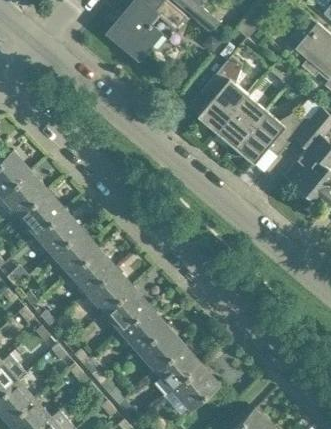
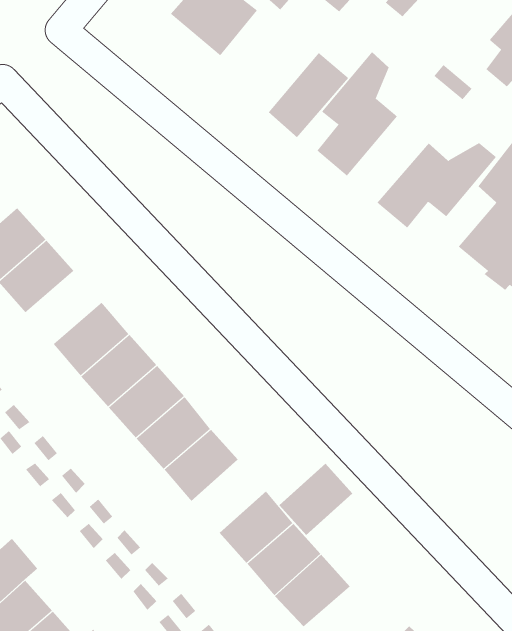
building: [216,95,266,148] -> [268,52,349,138]
building: [18,190,65,235] -> none
building: [120,306,166,351] -> [278,463,353,536]

